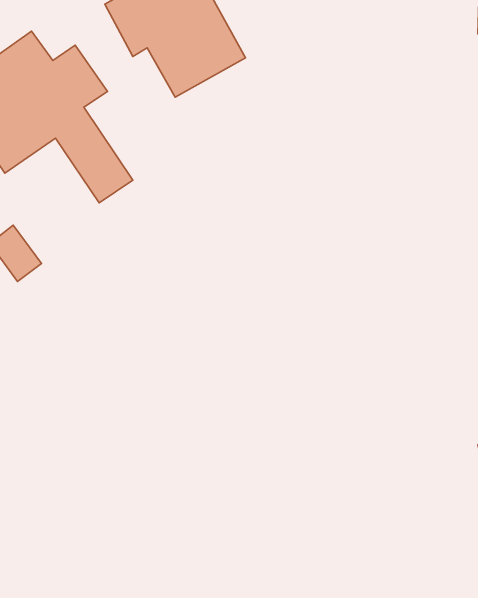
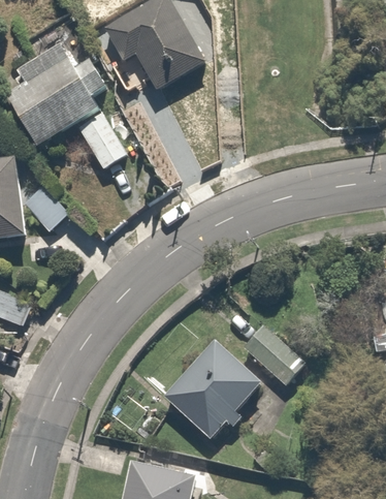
building: none -> [242,319,307,382]
building: none -> [166,341,259,436]

